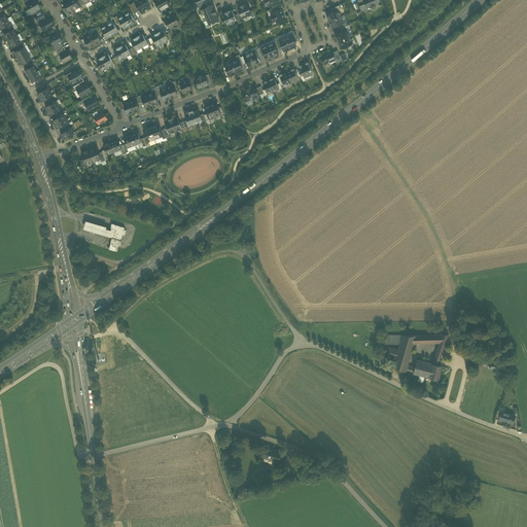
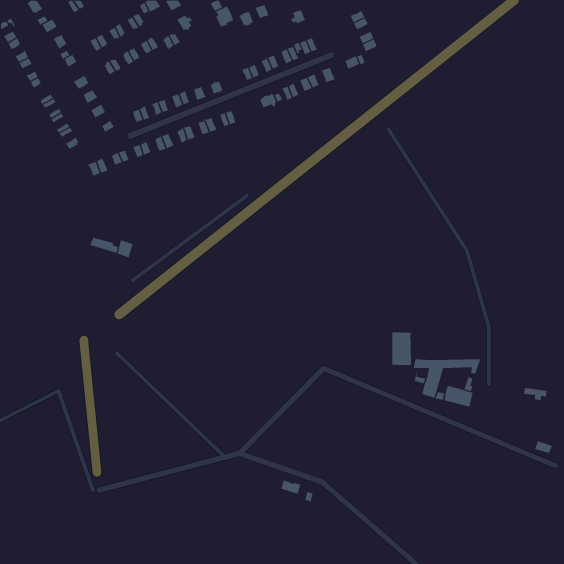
building: none -> [392,332,412,366]

